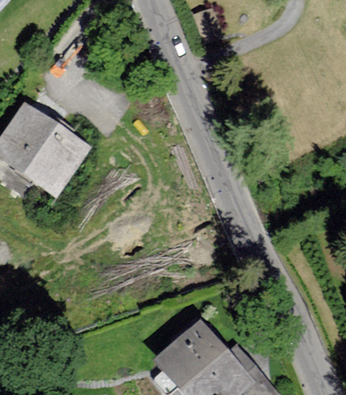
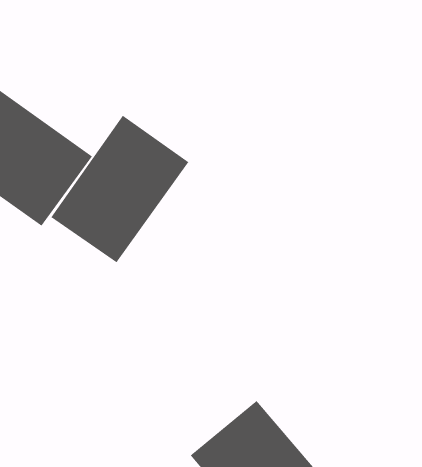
building: none -> [50,115,189,263]

